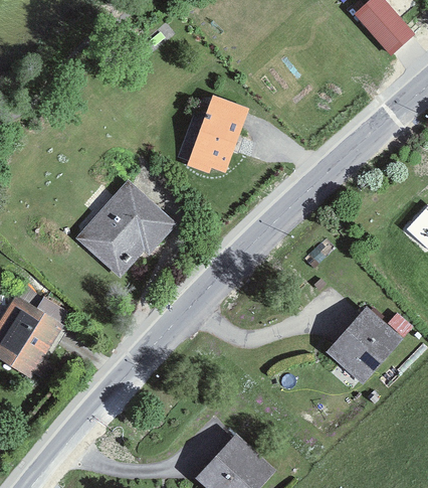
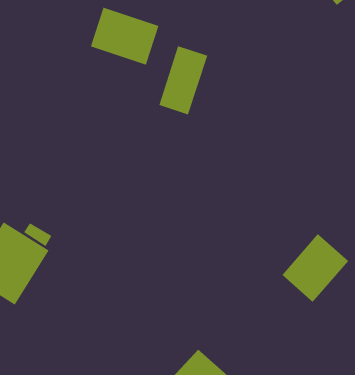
building: none -> [90,7,159,66]
building: [76,178,179,277] -> none

